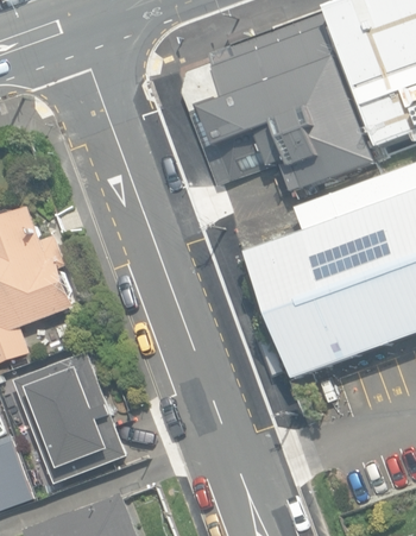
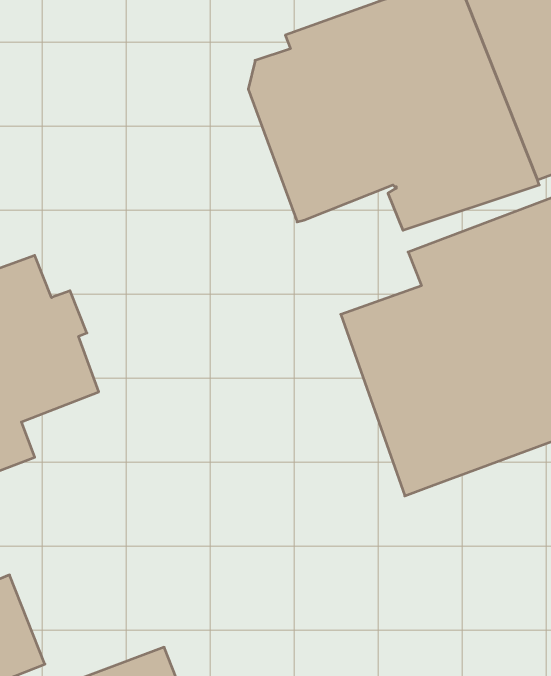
building: [13,353,126,484] -> none

